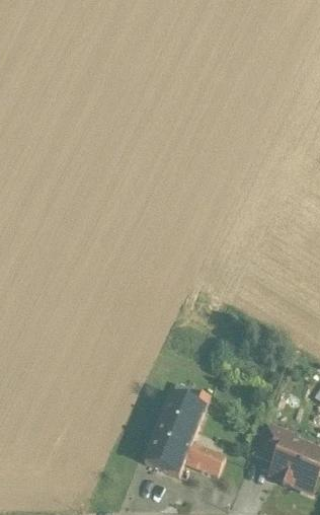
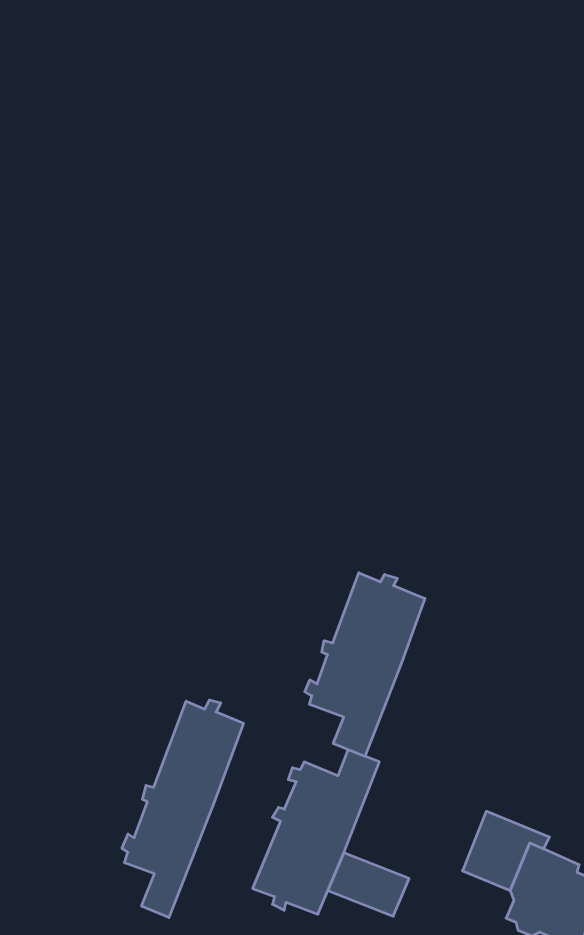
building: none -> [305,573,425,756]
building: none -> [122,700,243,918]

